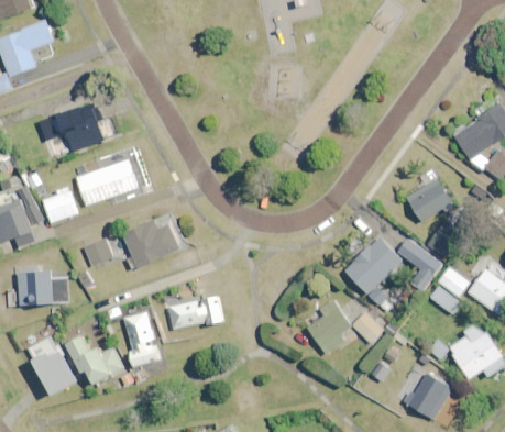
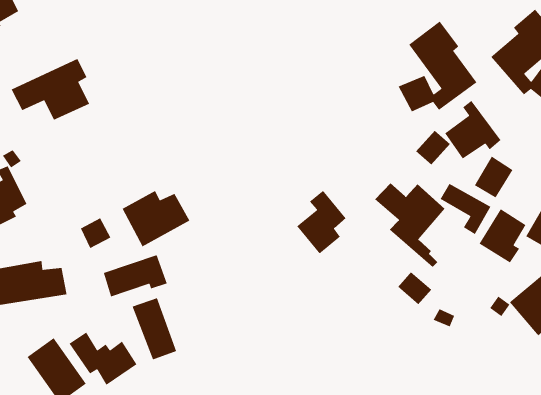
building: none -> [398,20,477,112]
building: [76,158,140,207] -> none
building: [41,186,76,223] -> none
building: none -> [415,130,451,166]
building: [167,296,222,329] -> [103,254,168,297]
building: [306,300,350,355] -> [296,190,347,254]
building: [402,374,451,420] -> none

